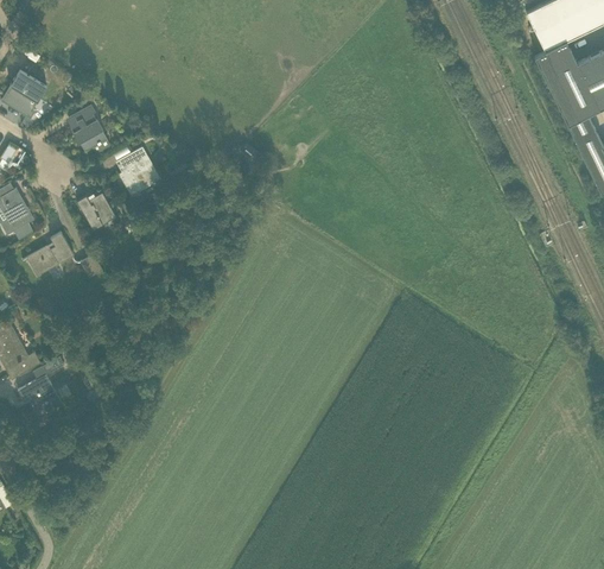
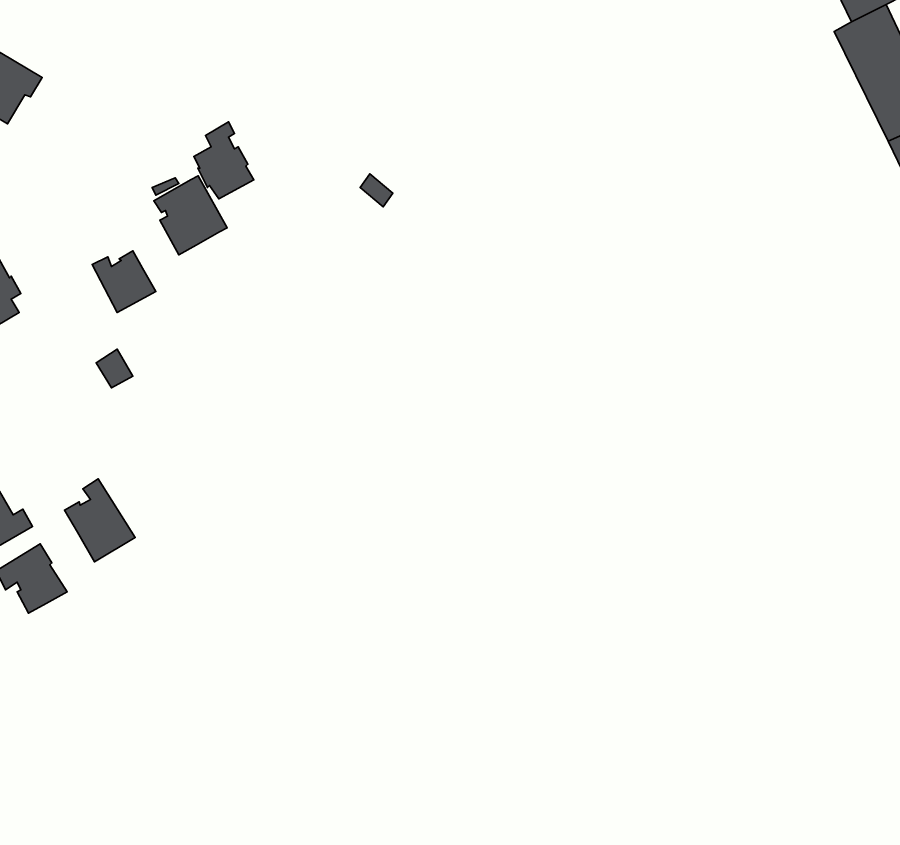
building: [70,103,107,151] -> [194,122,254,199]
building: [27,232,74,276] -> none
building: none -> [65,479,135,562]

